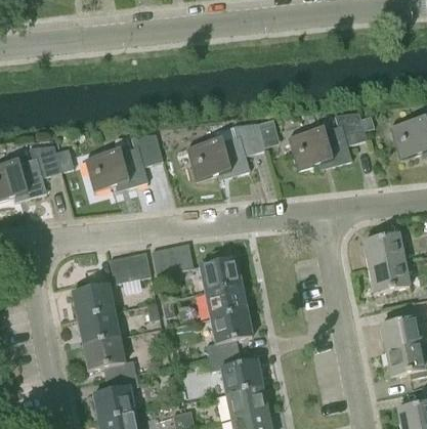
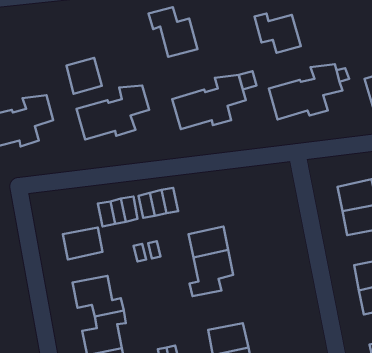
building: none -> [148,7,197,57]
building: none -> [254,13,301,53]
building: none -> [67,58,102,94]
building: [199,247,242,291] -> none
building: [77,309,119,342] -> none
building: [209,350,262,392] -> none

